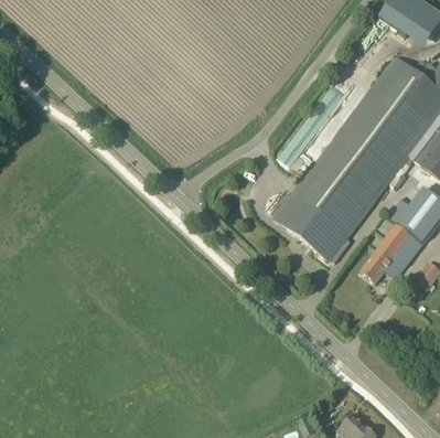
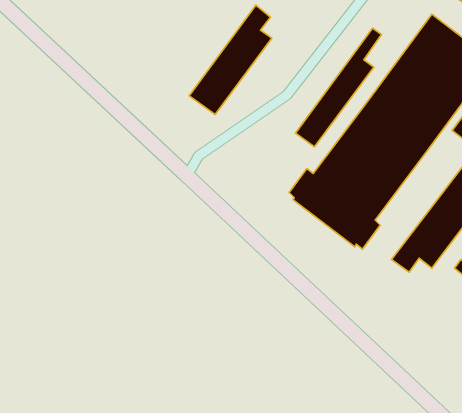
building: none -> [189,5,272,115]

